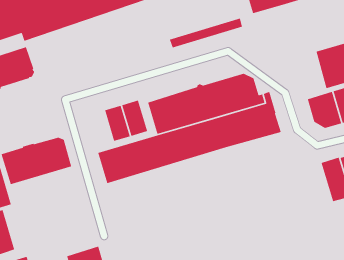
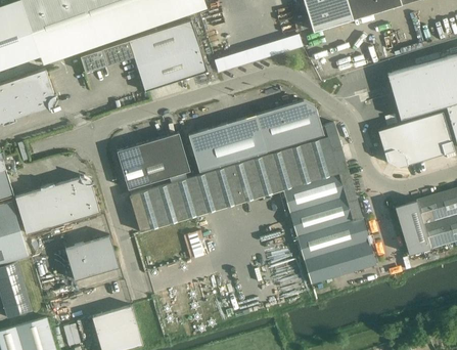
building: none -> [80,20,208,91]
building: none -> [117,144,148,188]
building: none -> [282,171,375,283]
building: none -> [65,235,119,279]

